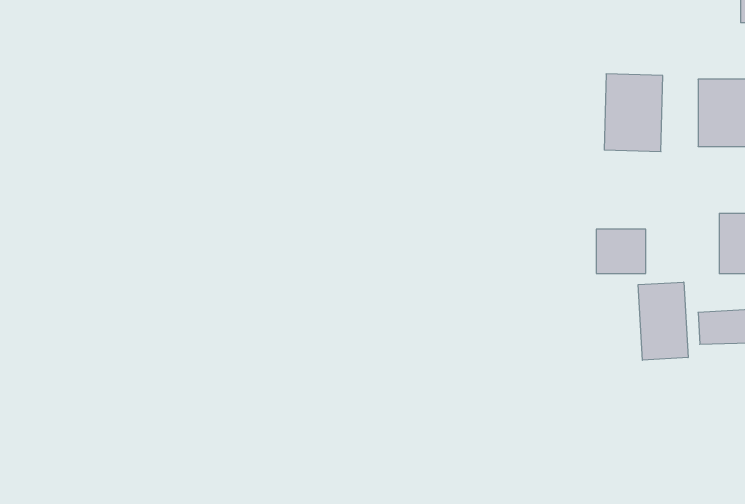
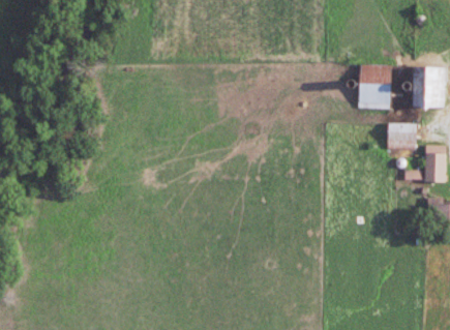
building: [596,229,646,273] -> [387,124,416,150]
building: [638,282,688,360] -> none

